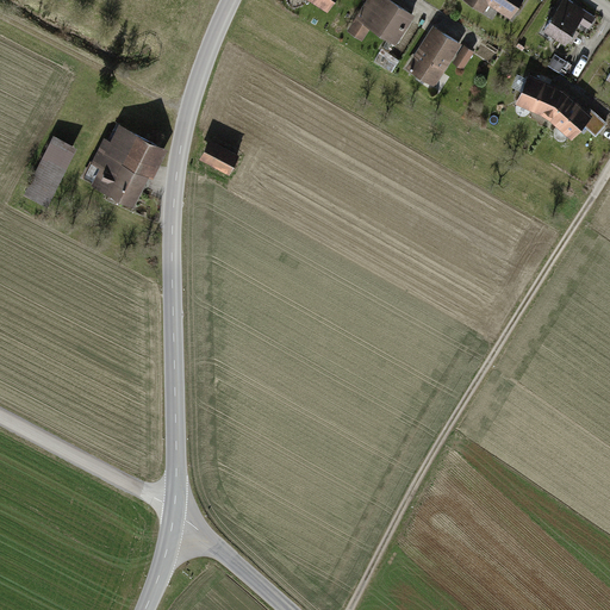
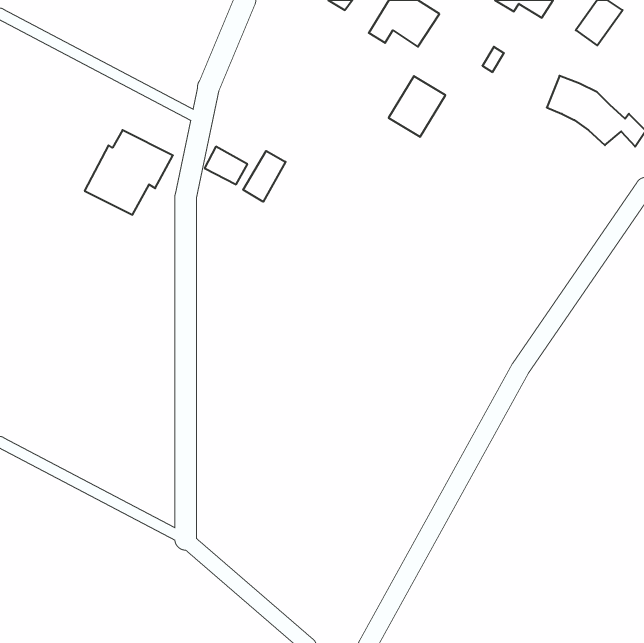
building: [409,26,462,83] -> [389,76,445,137]
building: [21,137,75,207] -> none
building: none -> [243,151,286,202]

